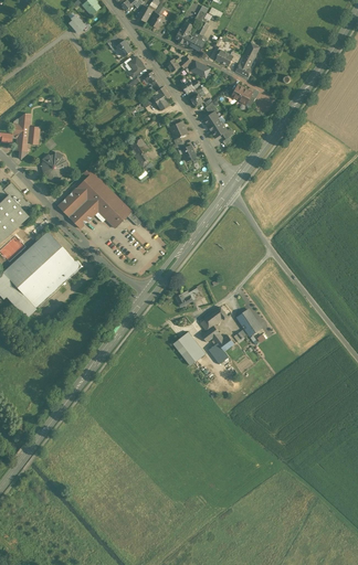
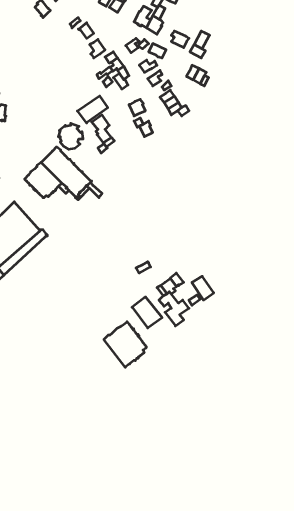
building: none -> [77,96,108,123]
building: [42,152,69,180] -> [58,123,83,149]
building: none -> [104,322,146,367]

